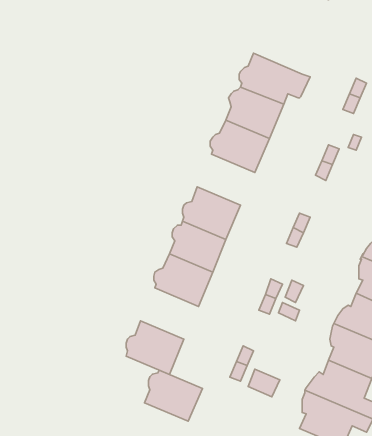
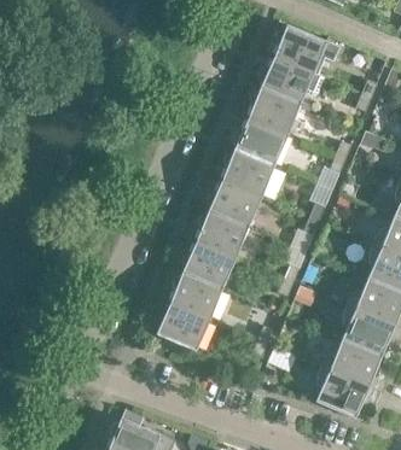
building: none -> [273,25,338,76]
building: none -> [221,150,274,197]
building: [145,370,202,421] -> [169,273,222,320]

